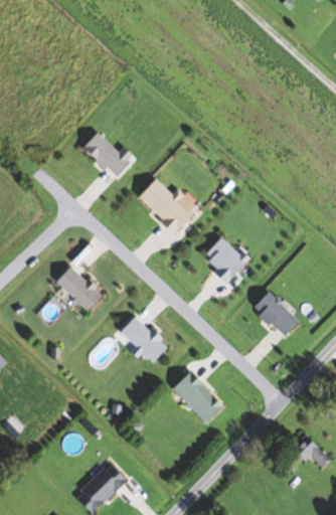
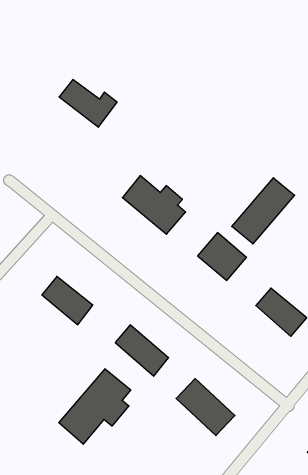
building: [81,132,135,178] -> [59,79,117,127]
building: none -> [232,178,295,244]
building: none -> [59,369,131,444]

